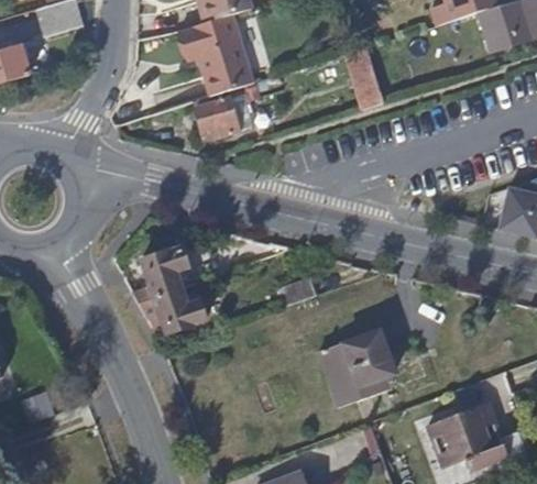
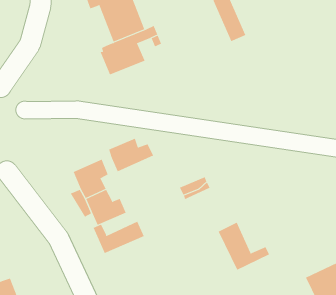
building: none -> [109,138,154,172]
building: none -> [93,221,144,254]
building: [349,332,399,386] -> none

